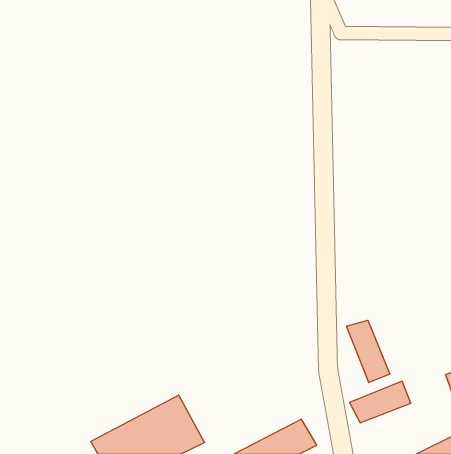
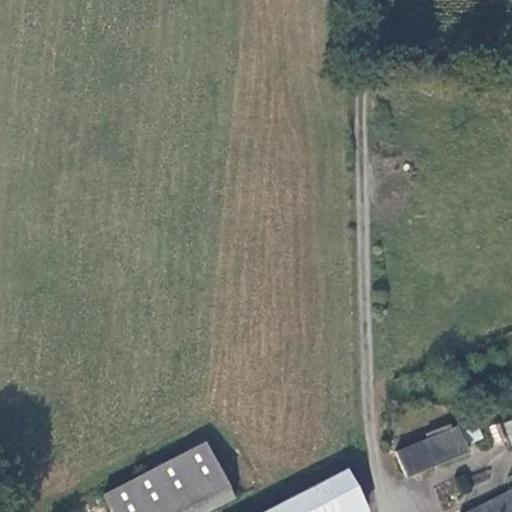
building: [347,320,390,383] -> none

